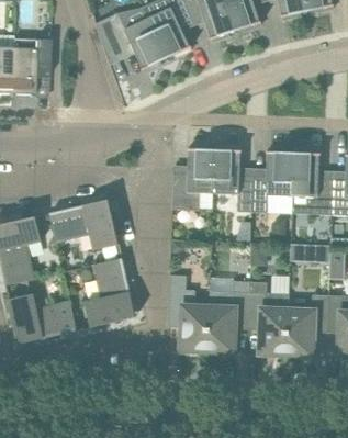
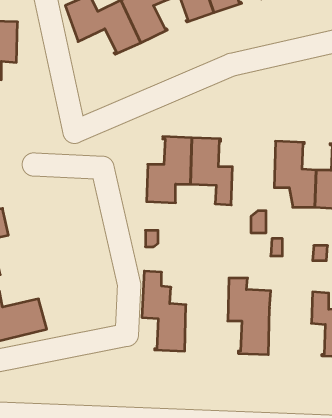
building: [251,150,293,212] -> none
building: [49,199,119,249] -> none
building: [85,257,135,326] -> none
building: [207,280,249,351] -> none
building: [287,294,328,355] -> none

